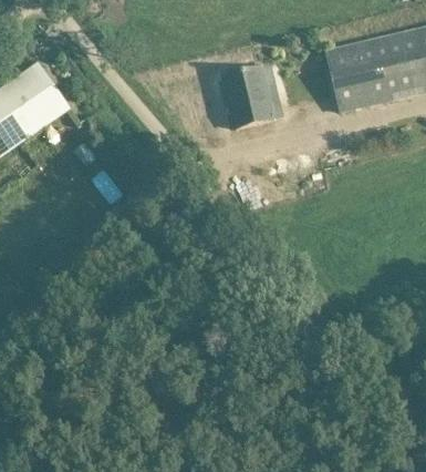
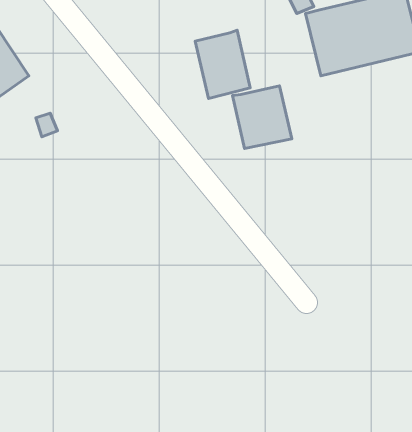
building: none -> [232,86,292,149]

